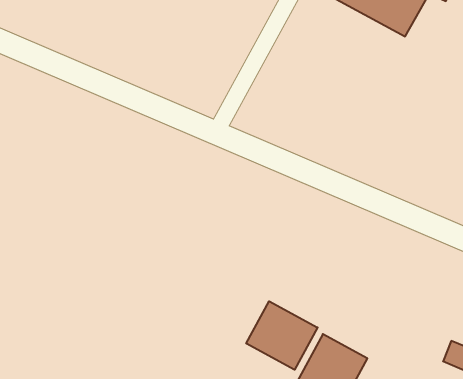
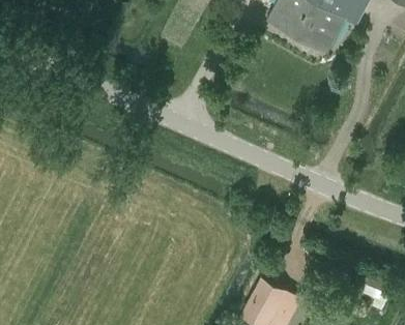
building: [246,301,318,370] -> none

